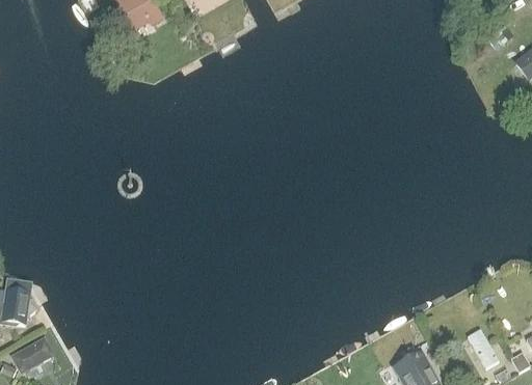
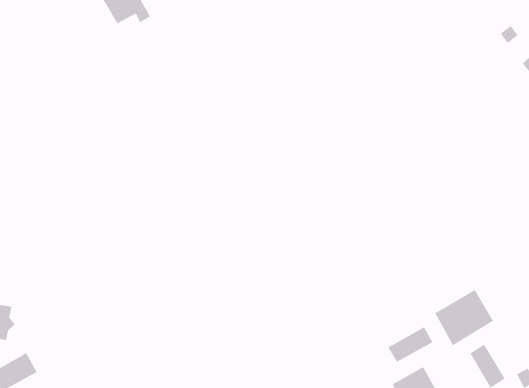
building: none -> [434,289,494,346]
building: none -> [387,327,433,362]

